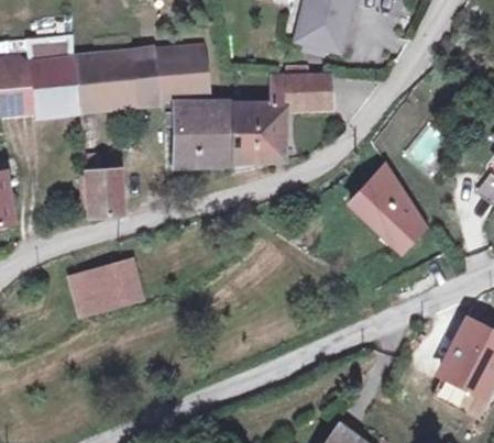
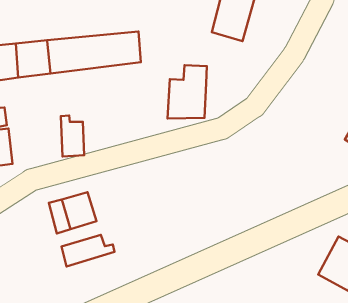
building: [257,81,334,113] -> none
building: [175,107,238,164] -> none
building: [345,163,422,250] -> none
building: none -> [61,235,114,267]

